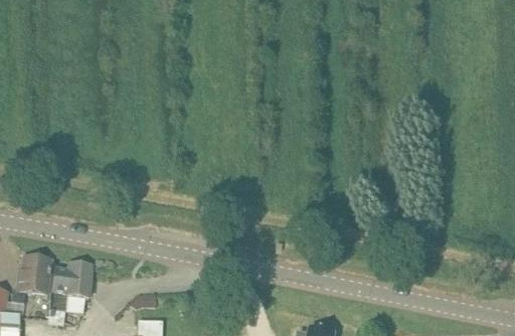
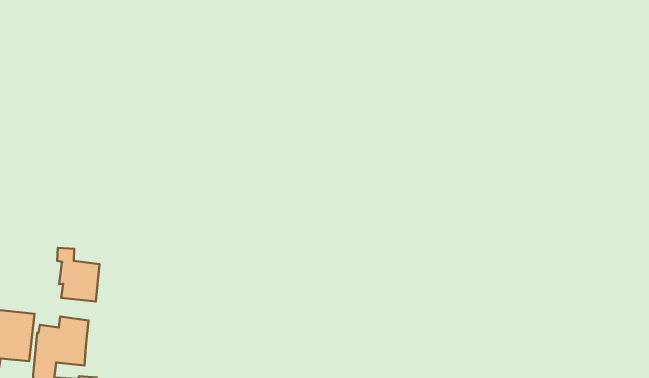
building: none -> [57,248,100,302]

